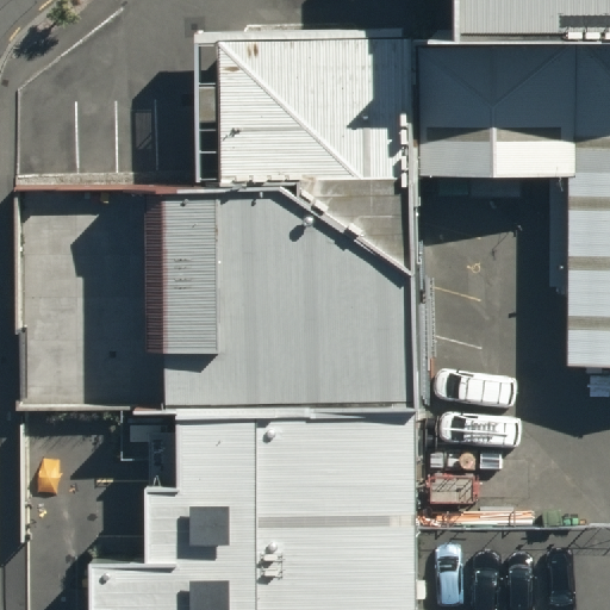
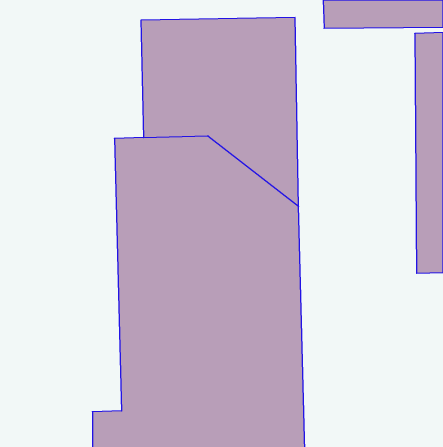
building: [410,51,559,176] -> none

